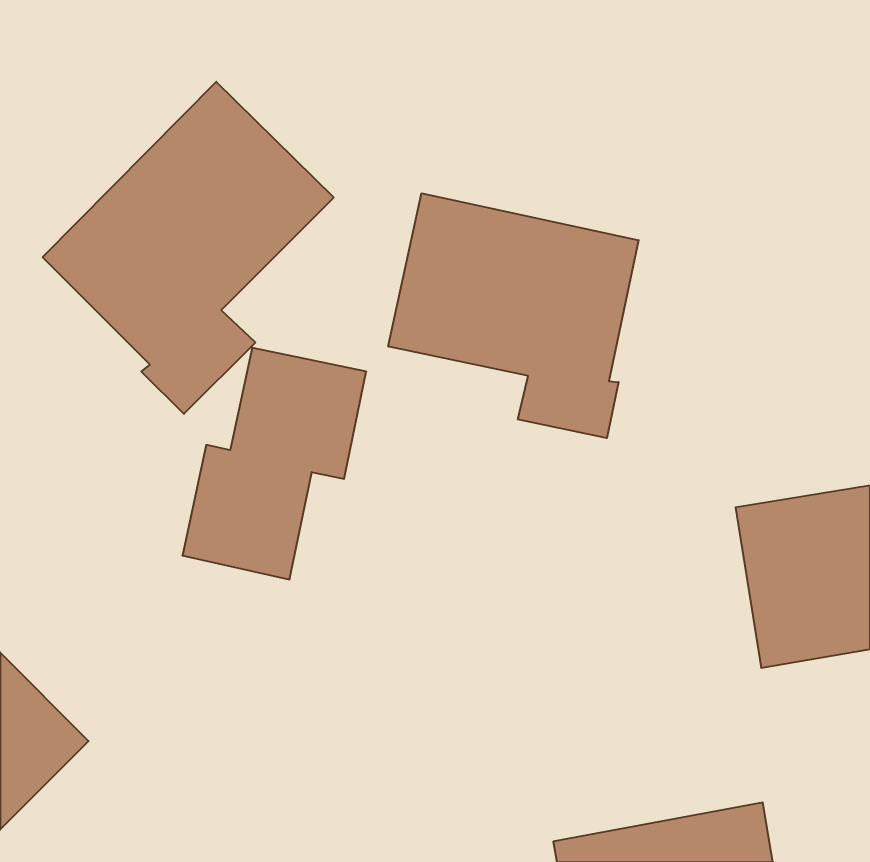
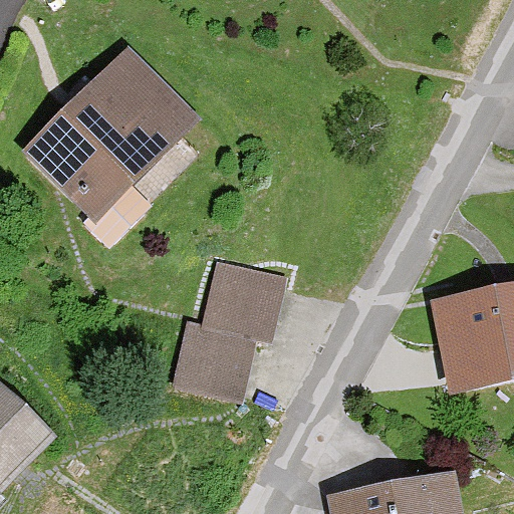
building: [388,193,639,438] -> none
building: [182,348,366,579] -> [175,261,283,398]

